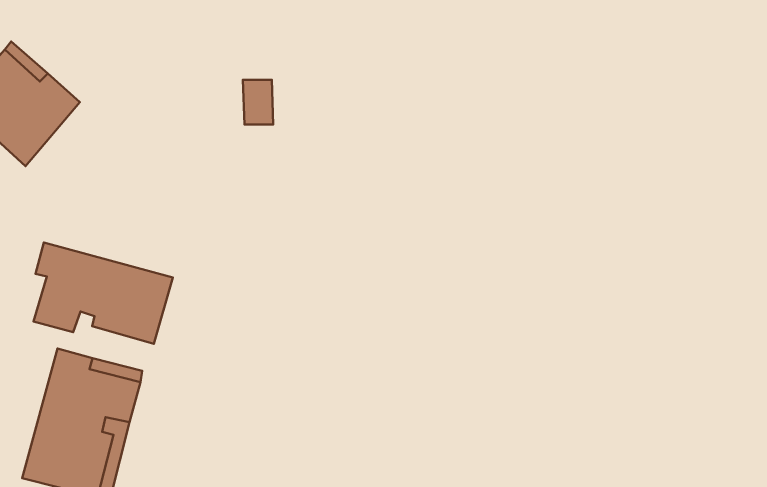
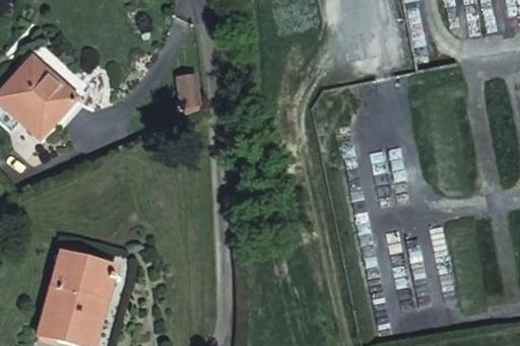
building: [33,242,173,344] -> none

